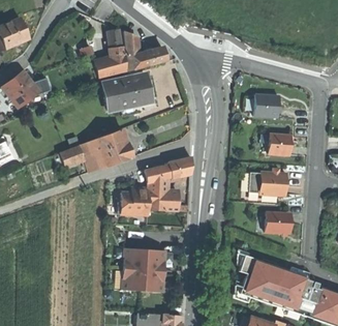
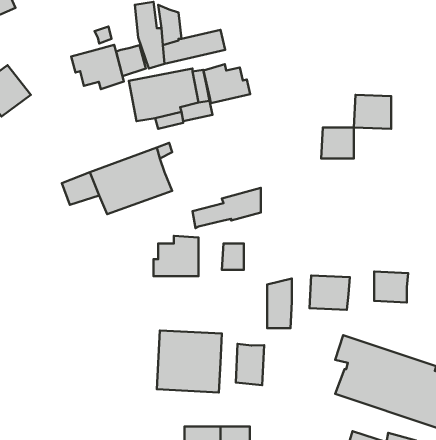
building: none -> [71,45,124,89]
building: none -> [203,64,250,103]
building: [267,132,288,153] -> [321,127,354,158]
building: [259,172,286,195] -> [310,276,350,310]
building: [149,177,165,210] -> [267,278,292,328]
building: none -> [236,344,264,385]

